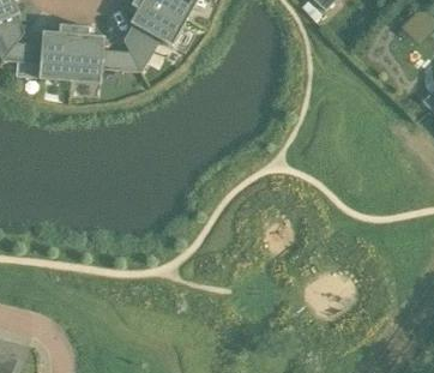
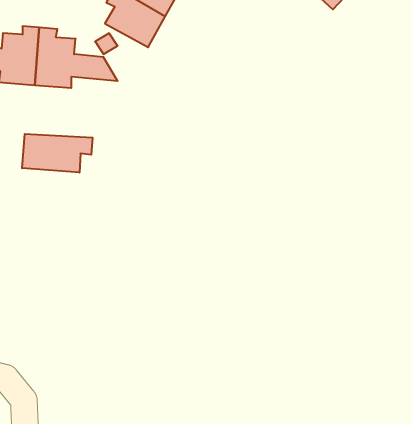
building: none -> [22,134,93,173]

